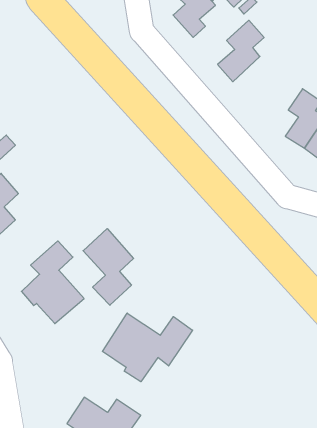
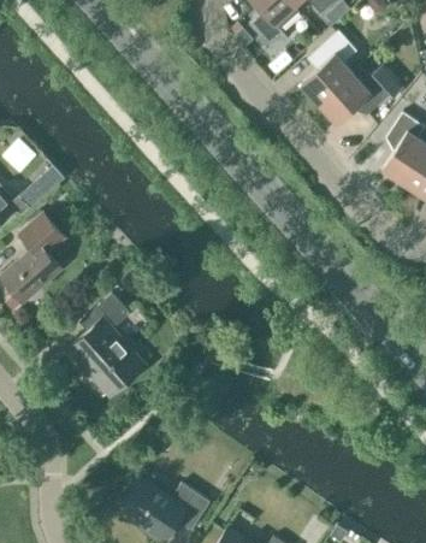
building: none -> [319,72,389,122]
building: [83,229,134,305] -> none
building: [102,313,193,382] -> none

